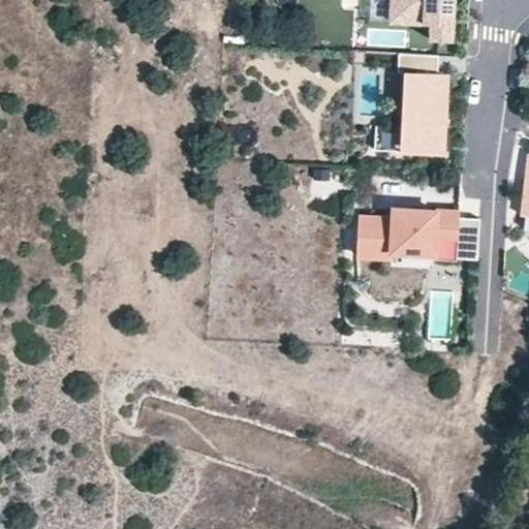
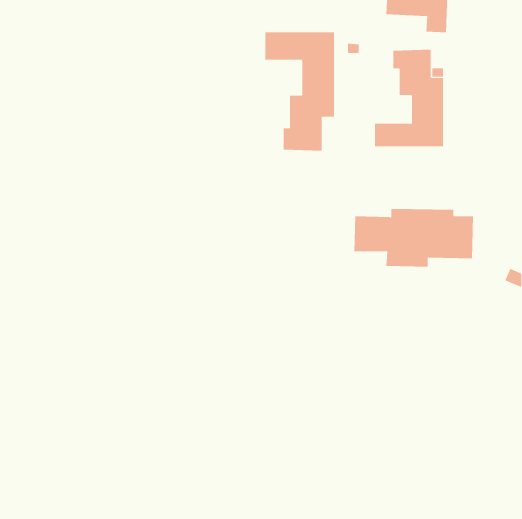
building: none -> [265,32,335,152]

